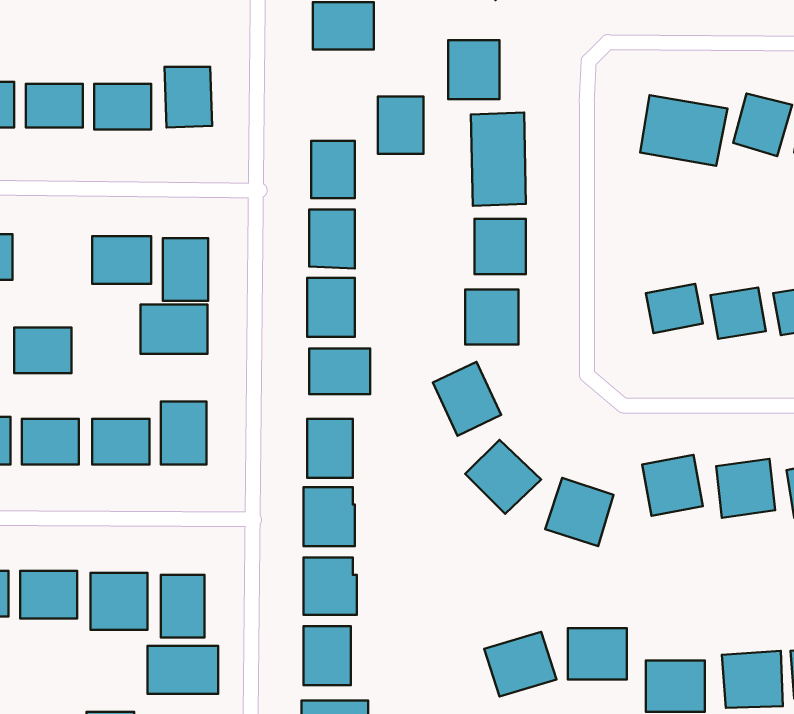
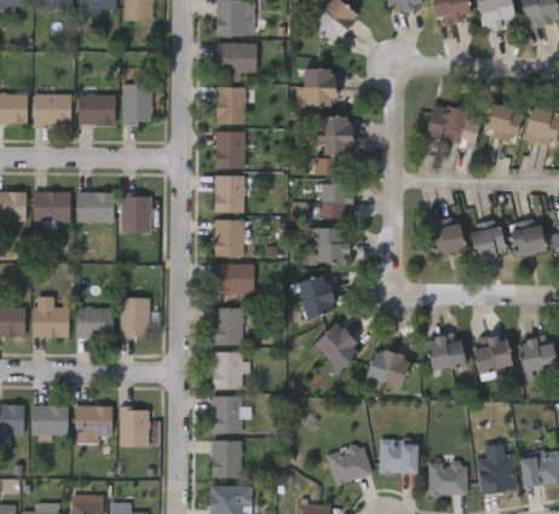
building: [378,97,423,154] -> [215,87,244,123]
building: [141,305,208,354] -> none
building: [14,328,71,373] -> [33,192,69,221]
building: [148,646,218,694] -> none

